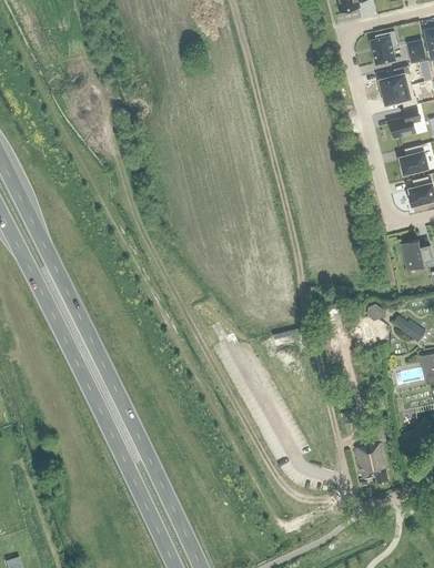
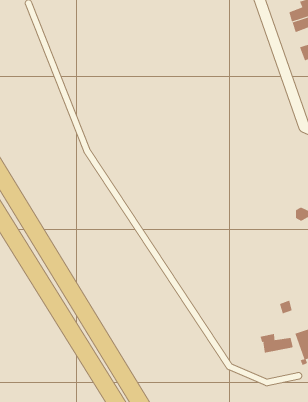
building: none -> [260,333,294,353]

